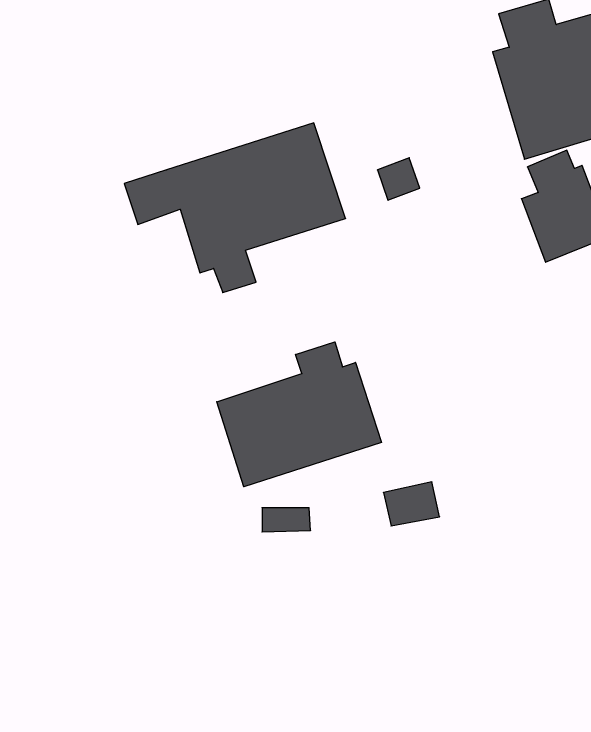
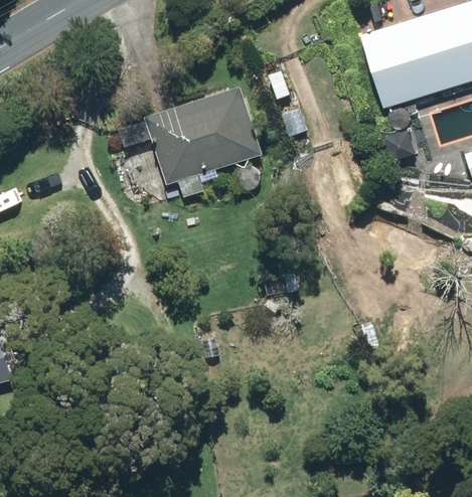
building: [217,342,382,487] -> none

